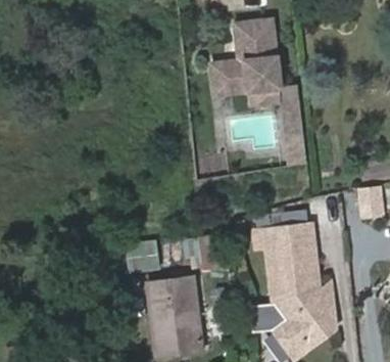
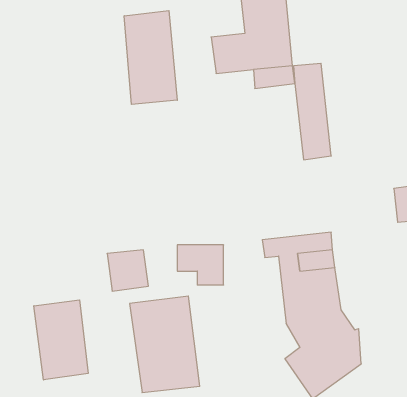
building: none -> [124,11,177,104]
building: none -> [34,300,88,380]

